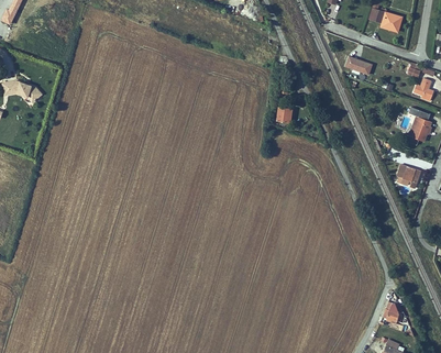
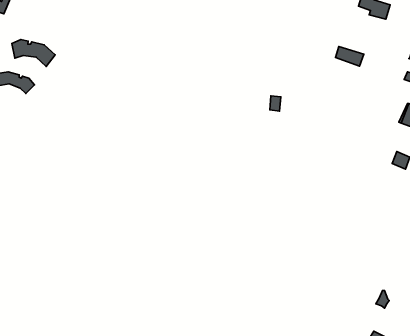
building: none -> [12,40,55,67]

